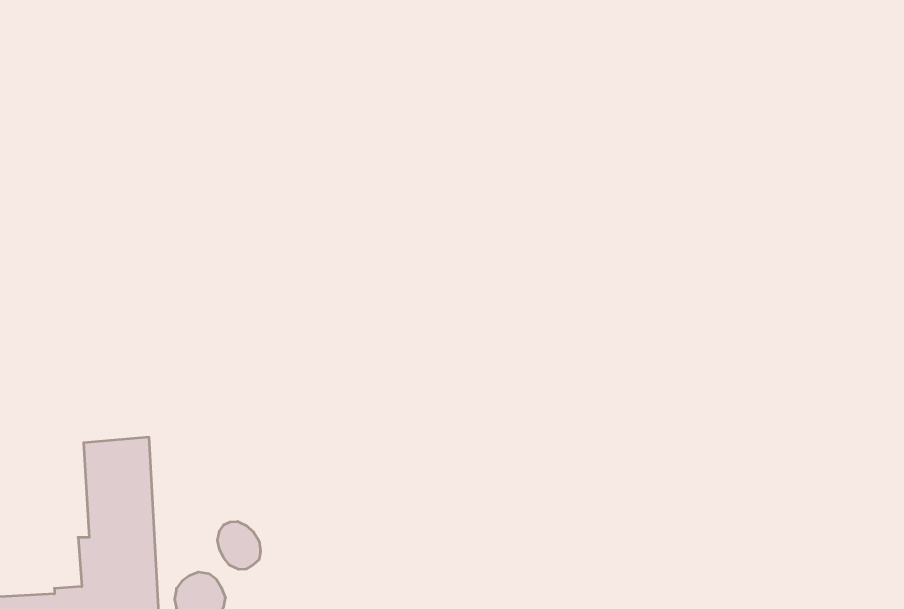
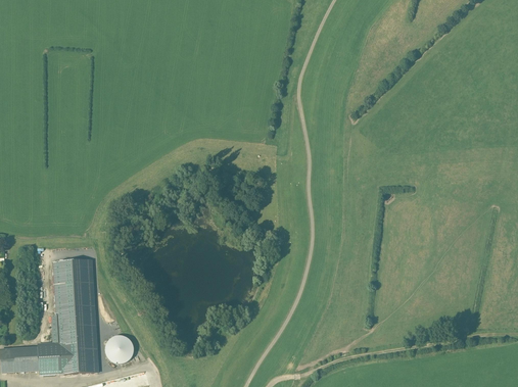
building: [217,521,260,569] -> none

